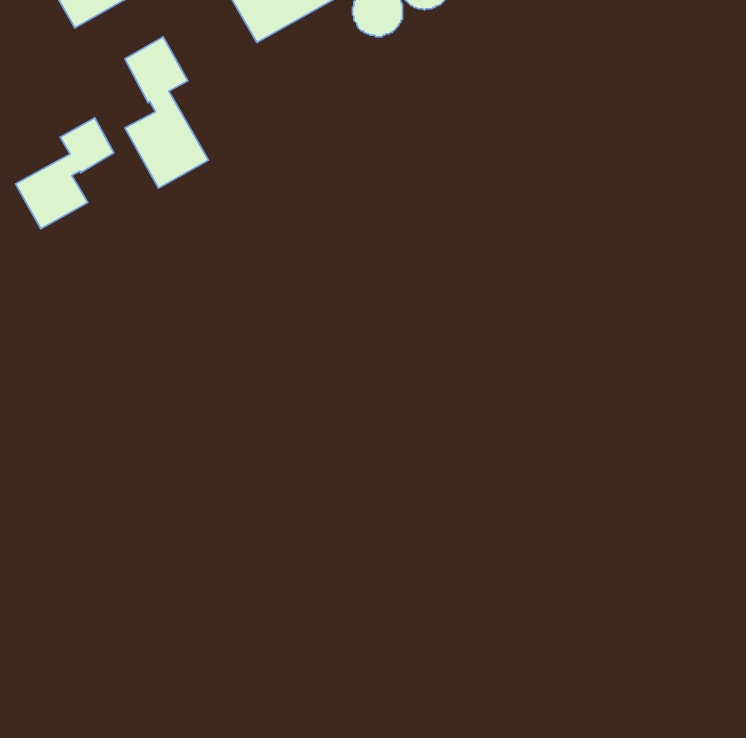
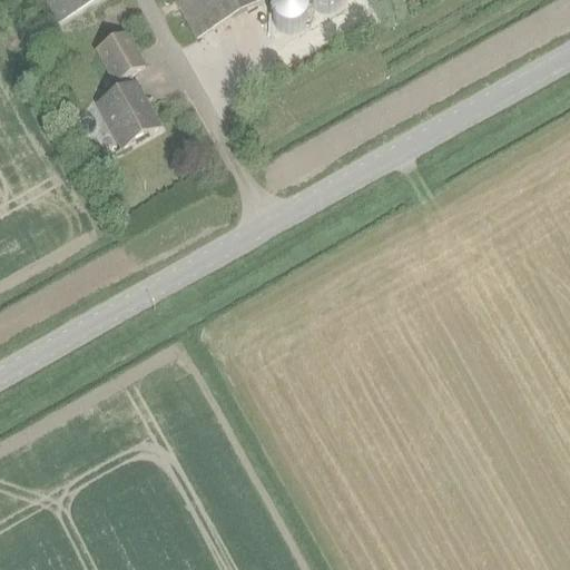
building: [15,118,114,229] -> none

